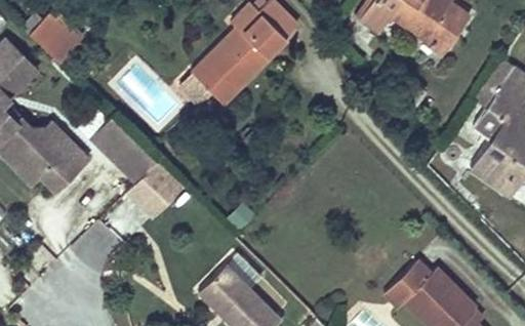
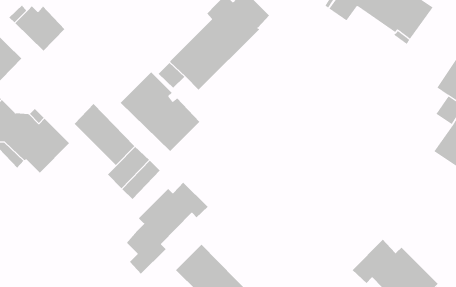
building: none -> [120,71,200,152]
building: none -> [126,182,208,274]

